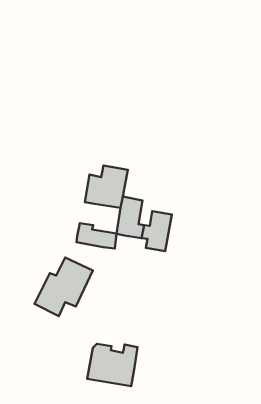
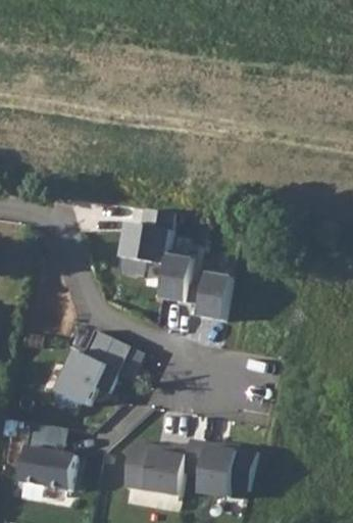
building: [76,223,117,249] -> none
building: none -> [22,422,78,489]
building: none -> [184,440,256,497]

